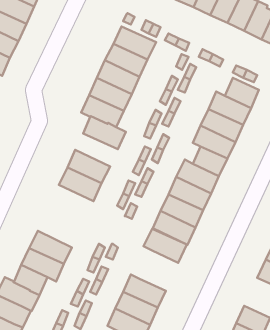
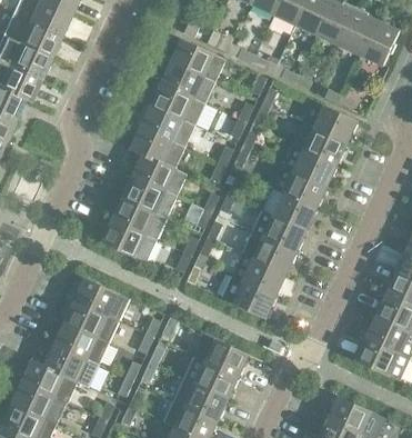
building: none -> [123,176,178,218]
building: none -> [76,278,130,321]
building: [143,229,187,263] -> [194,334,250,377]

